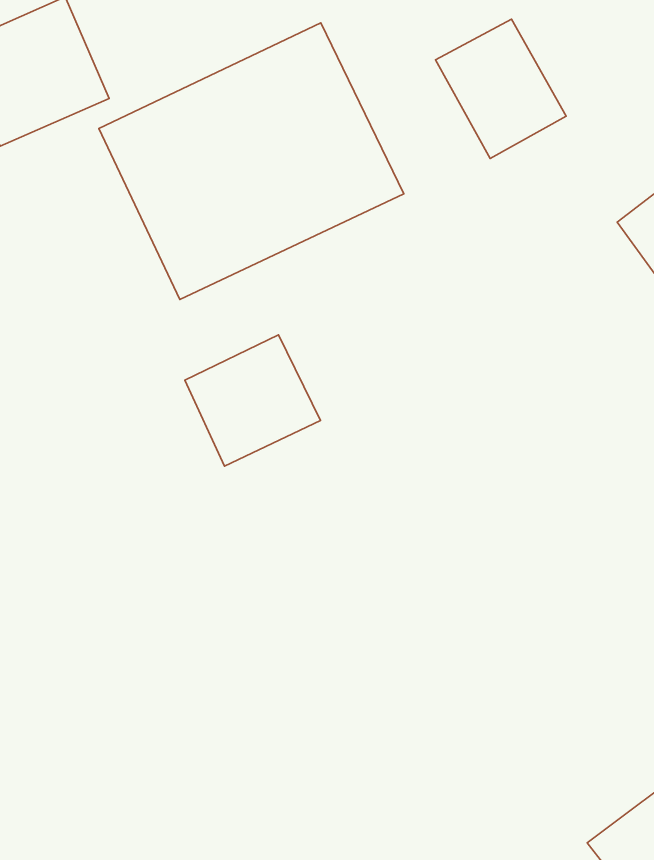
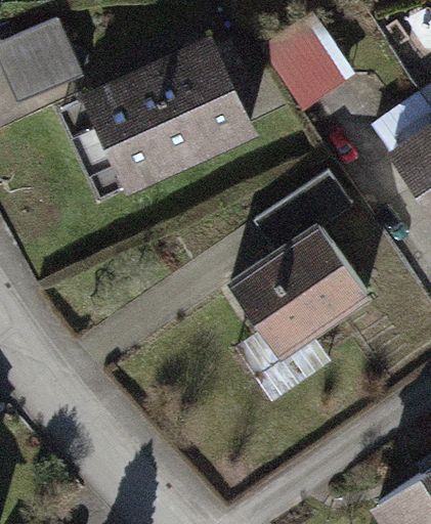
building: none -> [227,169,364,358]
building: [185,335,320,466] -> none

